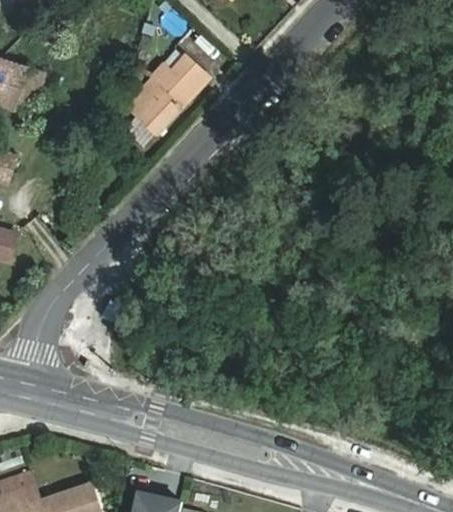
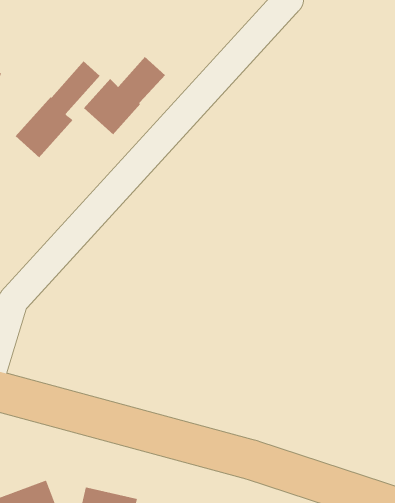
building: none -> [15,61,101,158]

